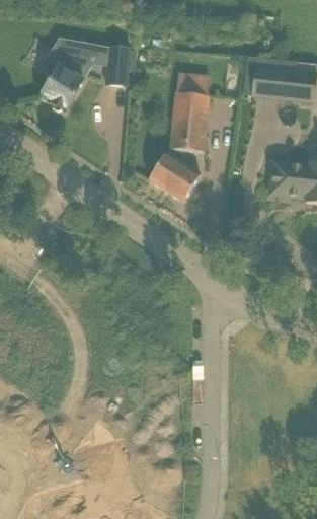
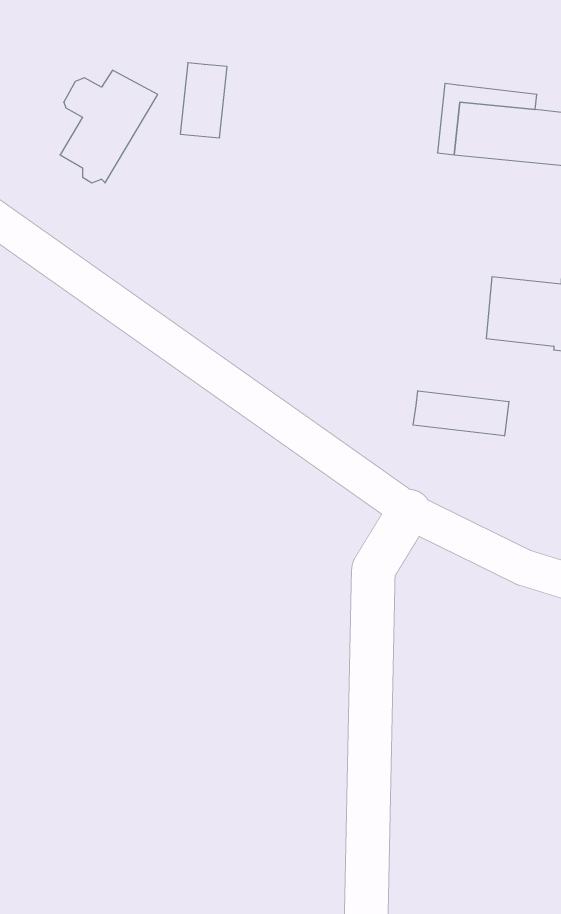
building: [149,70,211,200] -> none
building: none -> [413,391,509,436]

